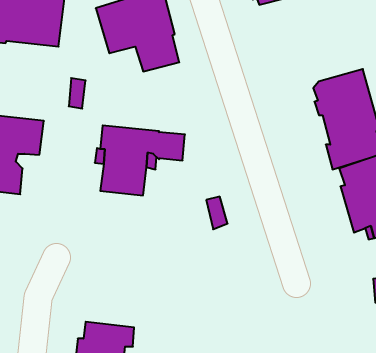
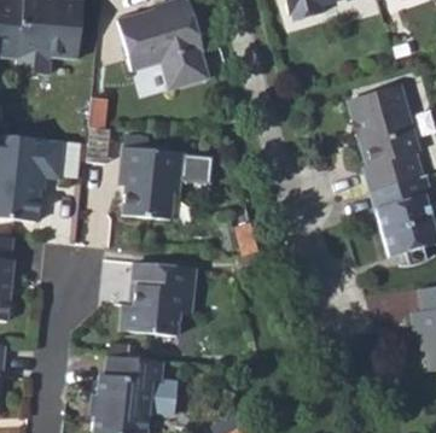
building: none -> [122,264,198,341]

